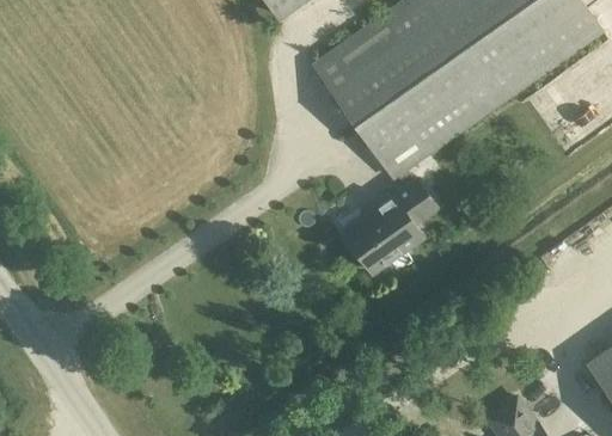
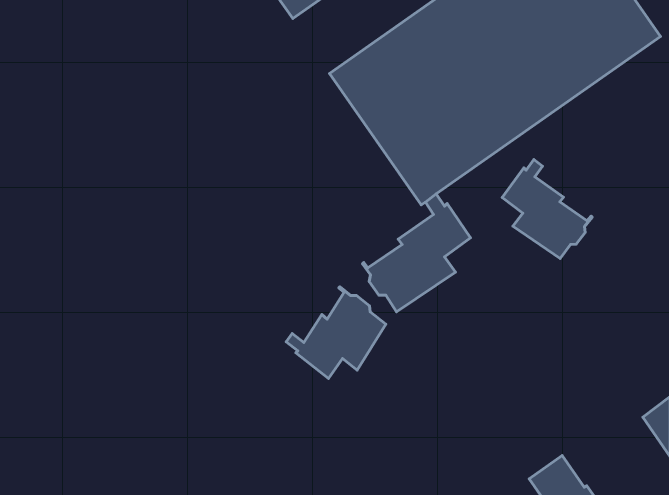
building: none -> [502,160,592,259]
building: none -> [286,287,386,379]

